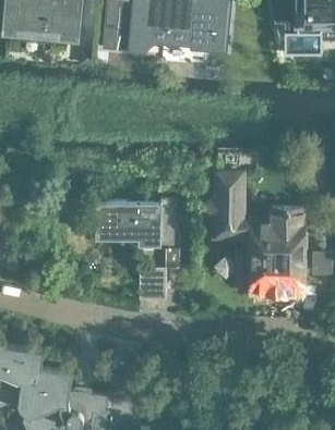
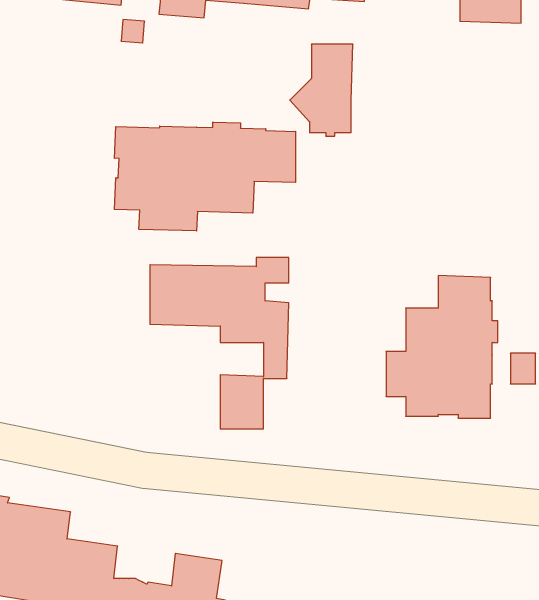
building: none -> [114,122,296,231]
building: [203,175,241,231] -> [290,44,353,136]

